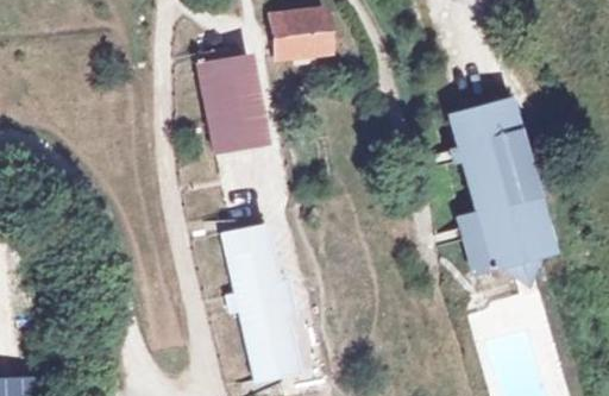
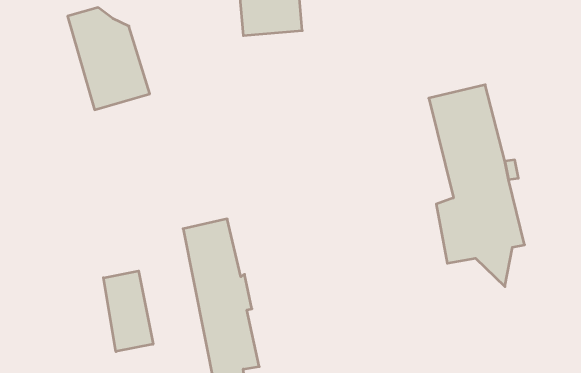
building: [192,51,271,150] -> [68,8,150,110]
building: none -> [103,271,153,352]

